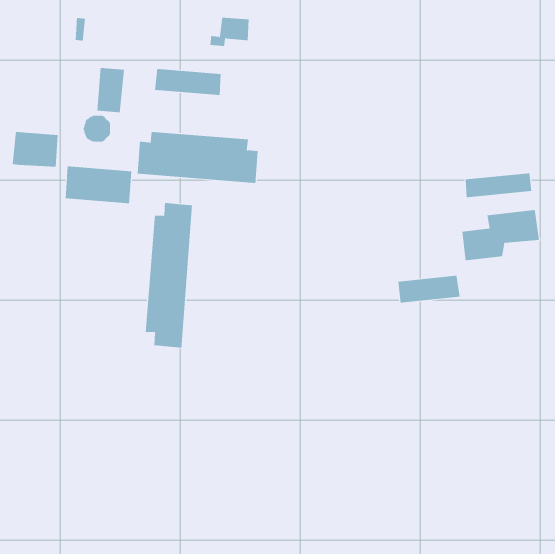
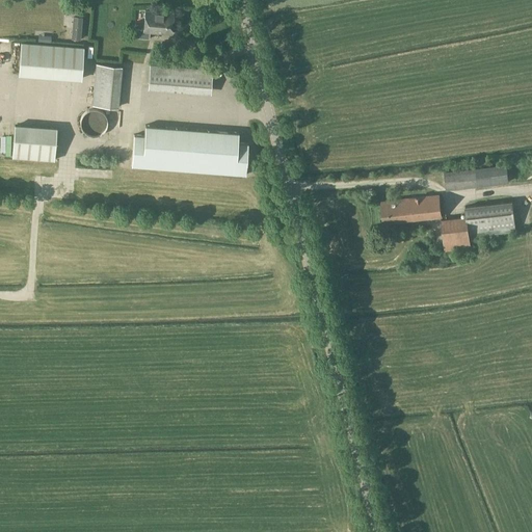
building: [209,17,250,46] -> [134,12,172,41]
building: [65,166,132,204] -> [19,44,83,80]
building: [145,202,193,349] -> none
building: [398,275,461,303] -> [381,196,442,223]

